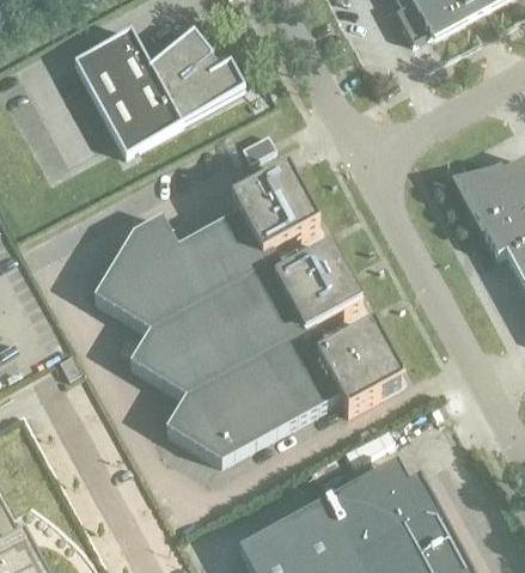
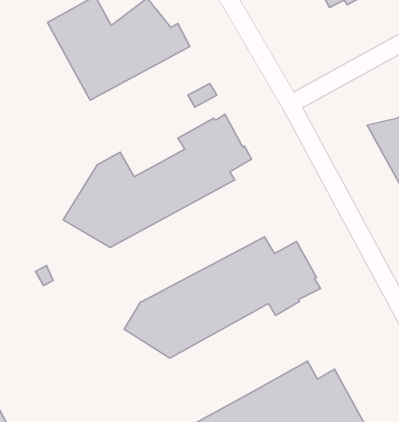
building: [129,244,361,395] -> none

